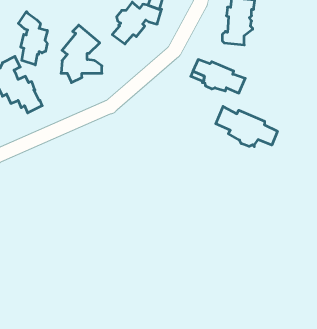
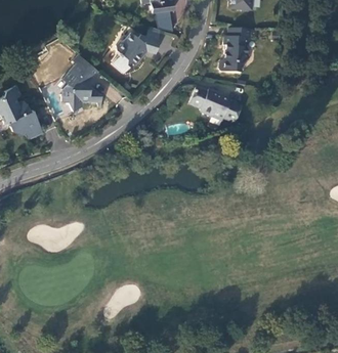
building: [18,12,47,65] -> none
building: [216,106,277,147] -> none

